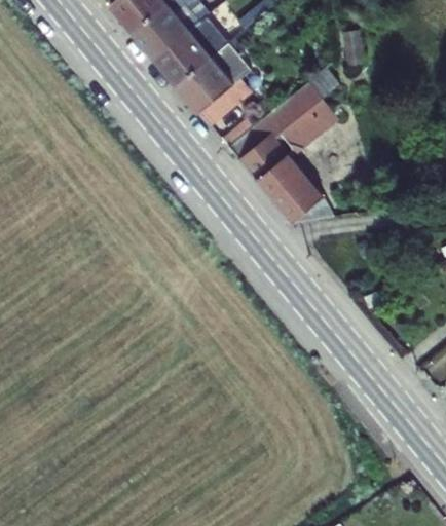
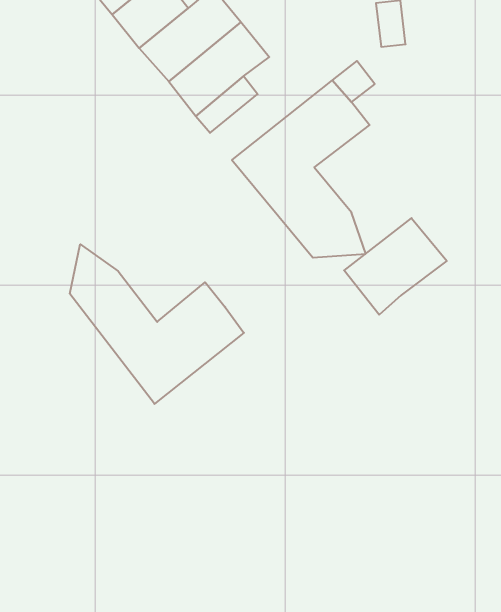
building: none -> [344,218,447,315]
building: none -> [70,244,244,404]

